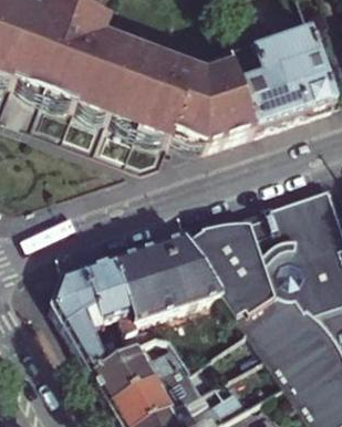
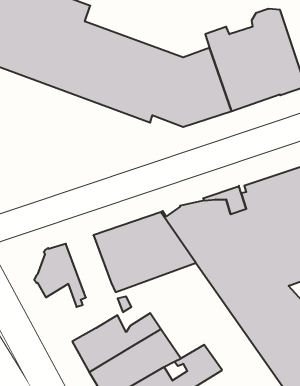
building: [83,256,131,315] -> none
building: [62,306,115,367] -> none

